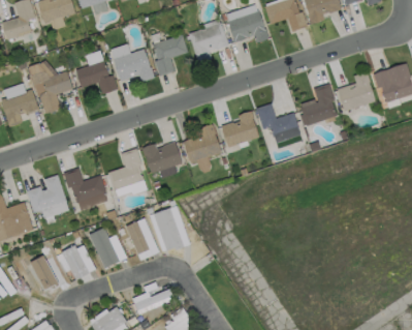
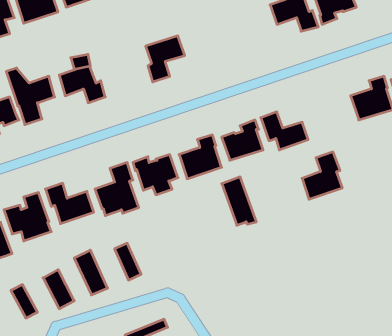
building: [228,10,268,42] -> none
building: [189,22,229,62] -> none
building: [113,49,154,82] -> none
building: [300,83,337,125] -> [302,152,342,199]
building: [153,207,184,250] -> [222,177,256,225]

